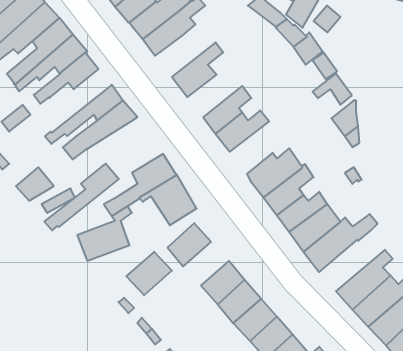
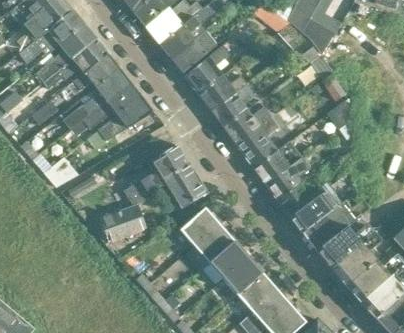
building: none -> [169,29,218,73]
building: none -> [198,74,247,112]
building: none -> [236,116,285,163]
building: [44,164,119,230] -> [63,69,130,129]
building: none -> [316,222,375,268]
building: [126,252,172,295] -> [194,224,235,263]

